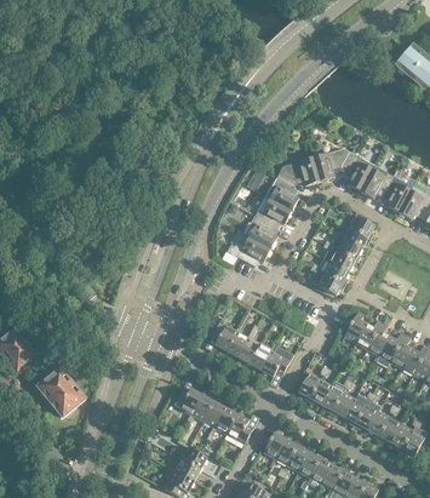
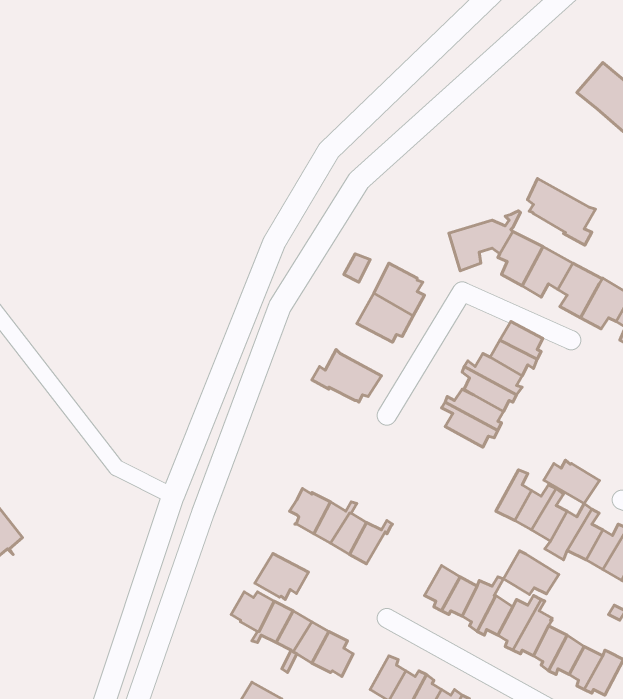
building: none -> [528,179,596,245]
building: [275,156,321,185] -> none
building: [243,214,277,248] -> none
building: none -> [544,460,600,504]
building: [260,345,293,377] -> none
building: none -> [503,551,559,594]
building: none -> [255,554,308,600]
building: [36,366,85,416] -> none

